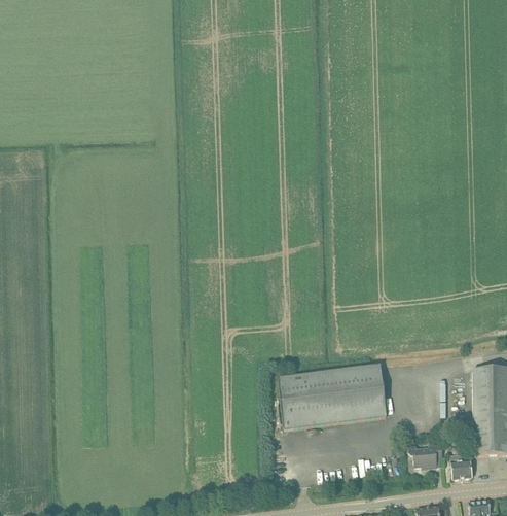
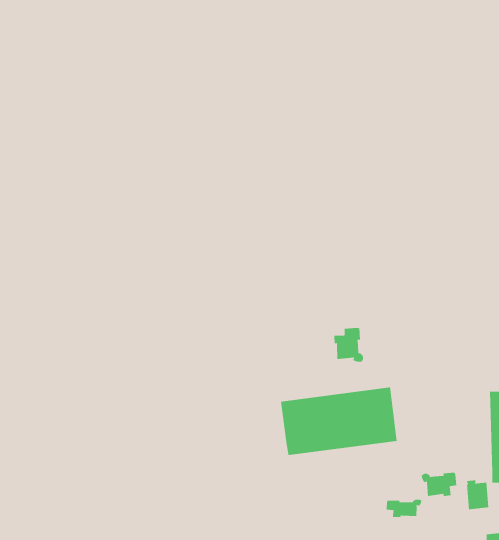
building: none -> [334,327,364,362]
building: none -> [386,499,422,518]

